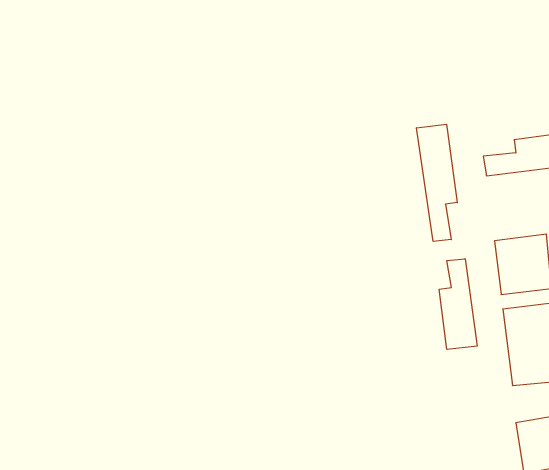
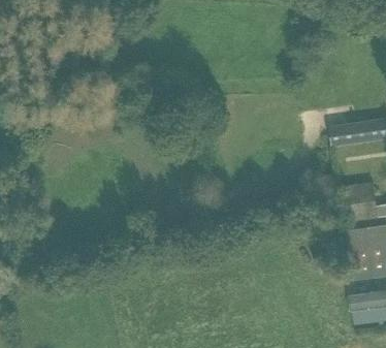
building: [417,124,457,241] -> none
building: [439,259,477,349] -> none

